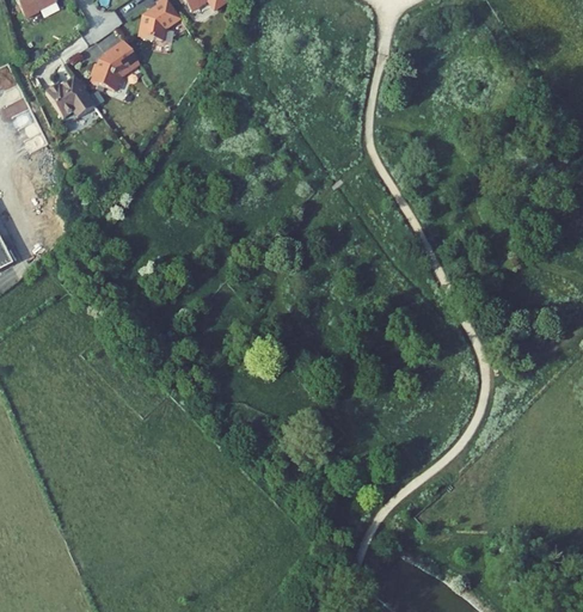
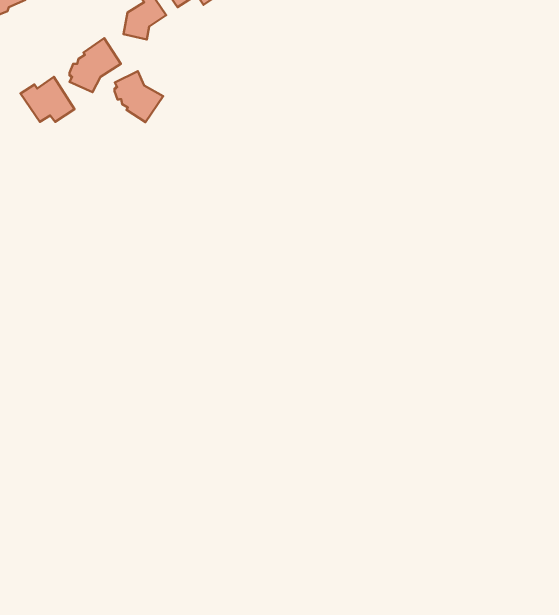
building: none -> [114,71,163,122]

